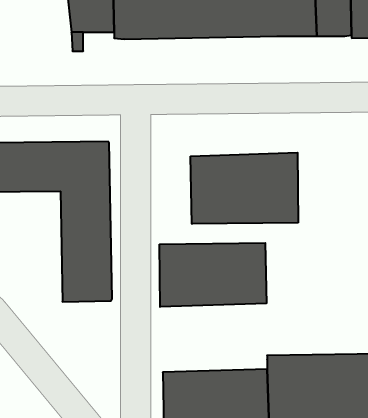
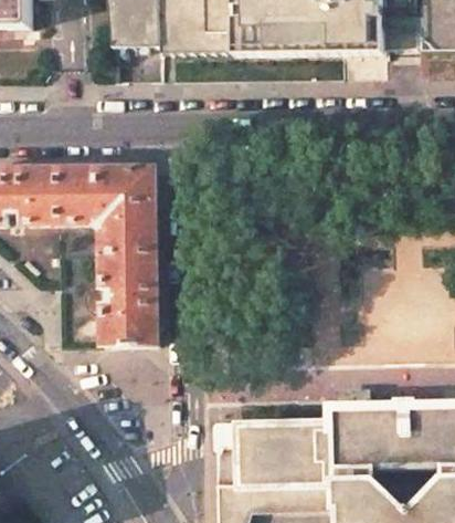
building: [191,153,298,224] -> none
building: [160,243,266,307] -> none

